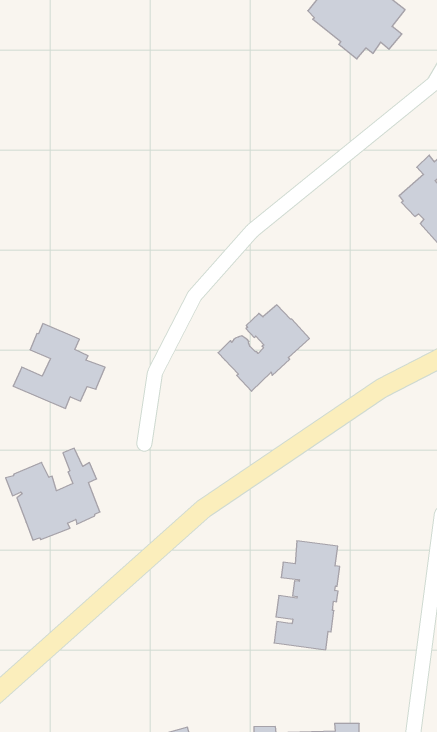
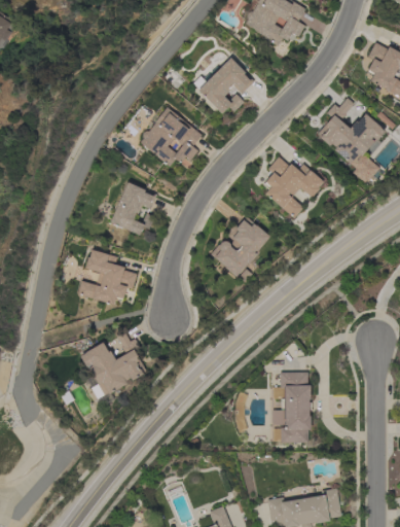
building: none -> [198,58,254,114]
building: none -> [141,107,202,167]
building: none -> [265,156,323,218]
building: none -> [110,182,156,236]

